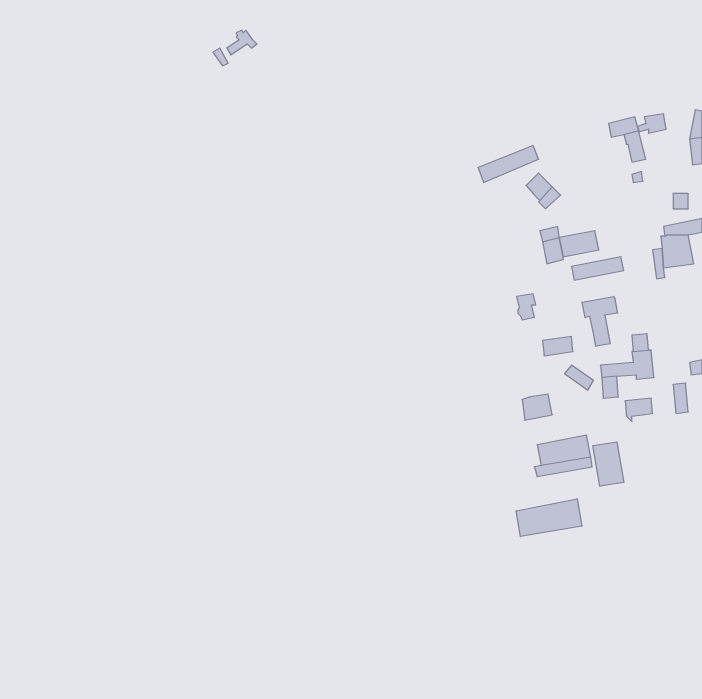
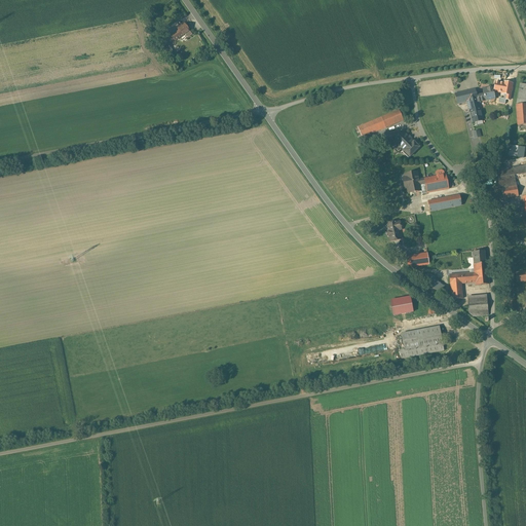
building: [582,296,617,346] -> none
building: [593,442,624,486] -> none
building: [516,499,582,537] -> none

